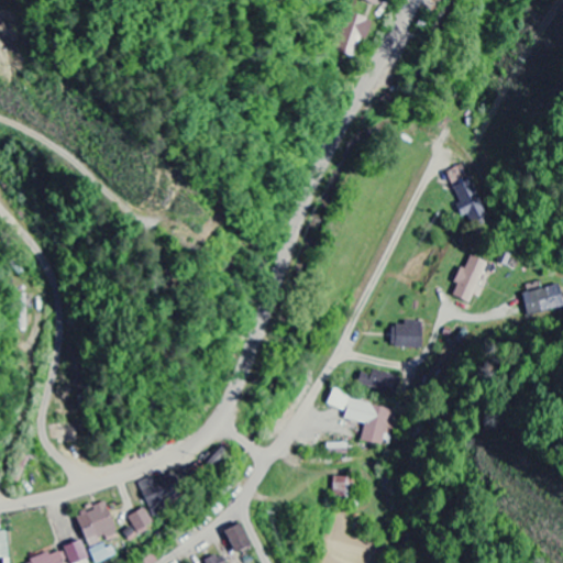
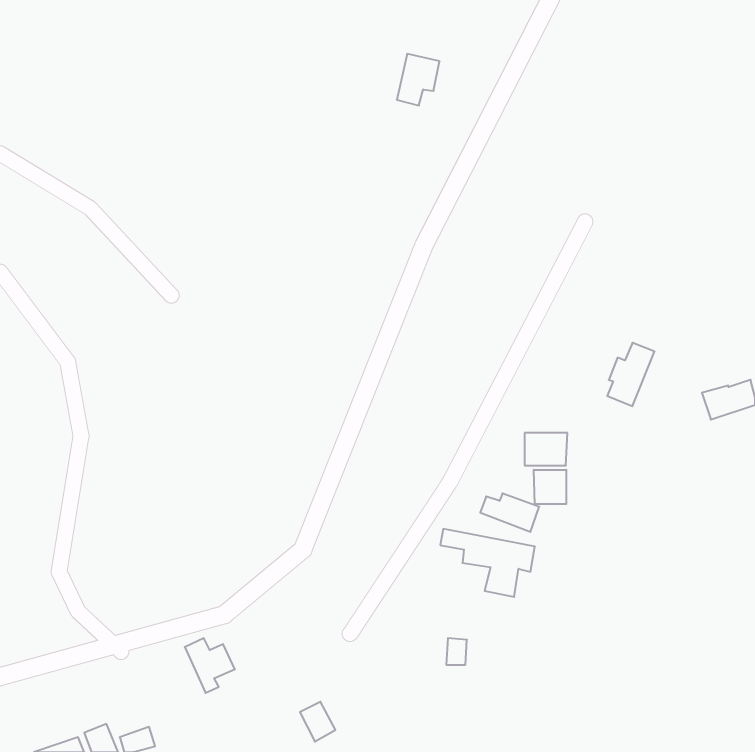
building: [340,12,372,51] -> [397,54,440,106]
building: [453,177,489,223] -> none
building: none -> [534,470,566,504]
building: [74,500,117,547] -> none
building: [122,506,156,541] -> none

